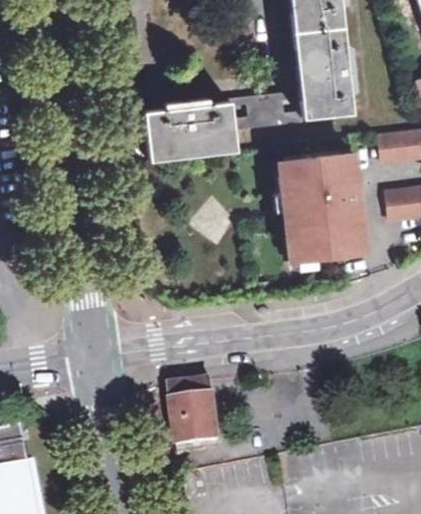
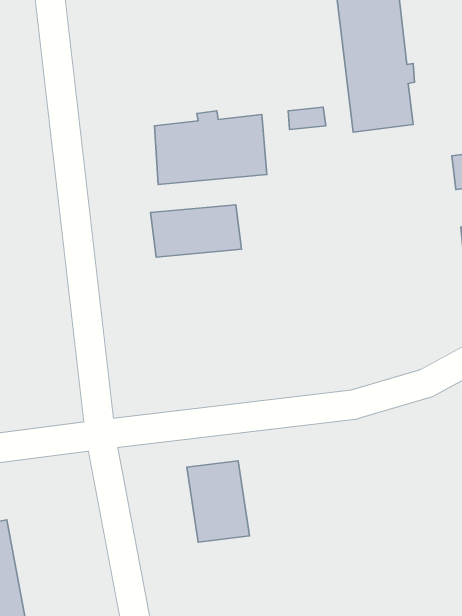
building: [284,154,366,256] -> none
building: none -> [150,205,241,257]

